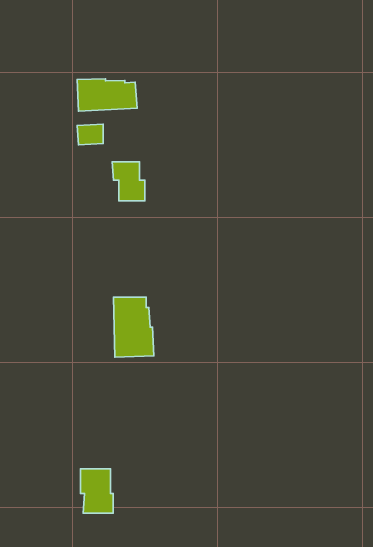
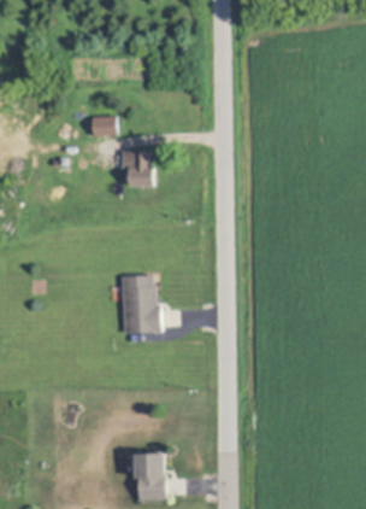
building: [77,79,137,111] -> none
building: [81,469,113,513] -> [136,460,166,501]

